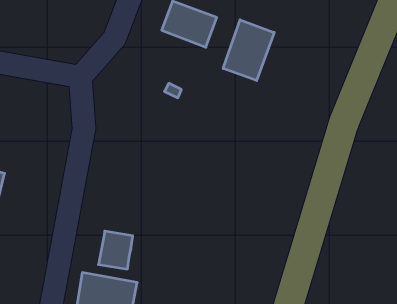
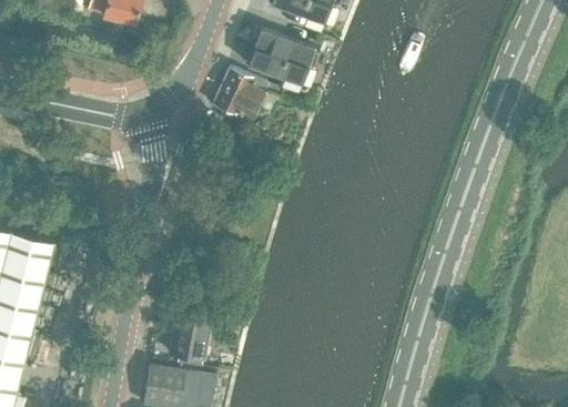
building: [223,20,274,81] -> none
building: none -> [213,64,280,118]

